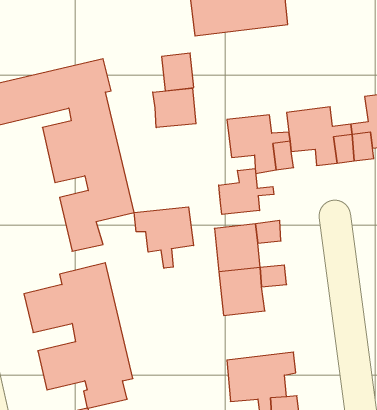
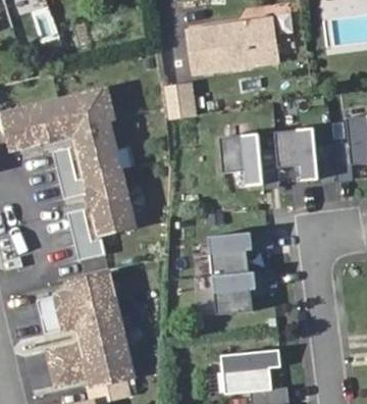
building: [153,88,196,128] -> none
building: [219,168,274,214] -> none
building: [134,207,194,268] -> none

